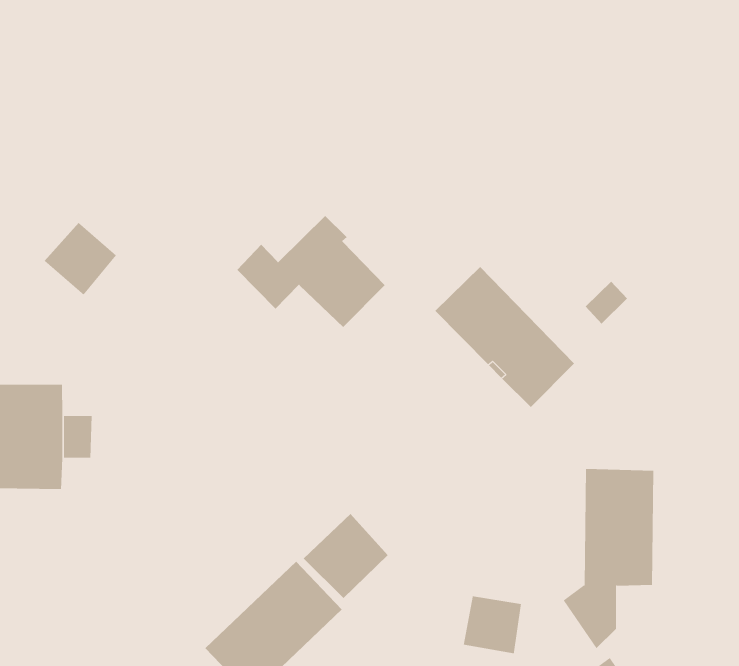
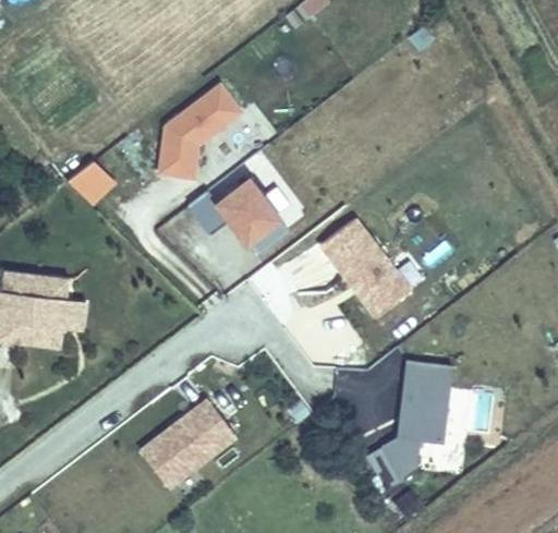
building: none -> [160,81,242,174]
building: [303,513,389,599] -> none
building: [463,595,522,654] -> none

